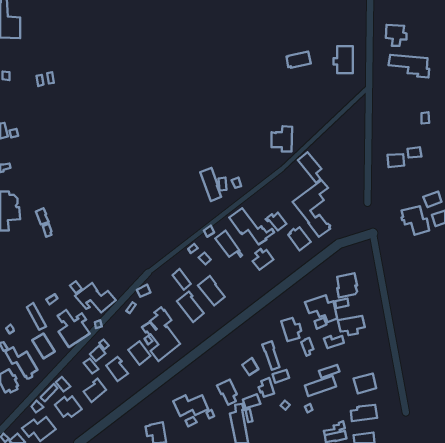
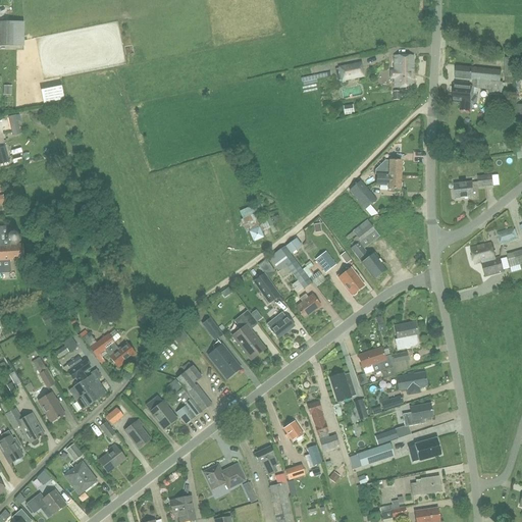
building: [386,25,407,46] -> [453,84,477,108]
building: [271,126,292,151] -> [376,158,401,188]
building: none -> [265,309,294,336]
building: none -> [402,402,432,425]

